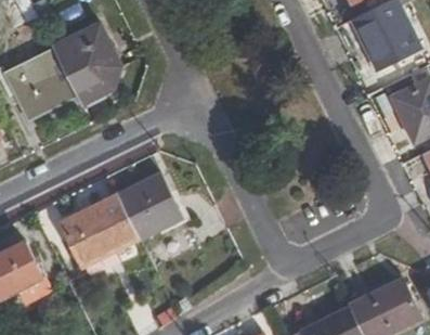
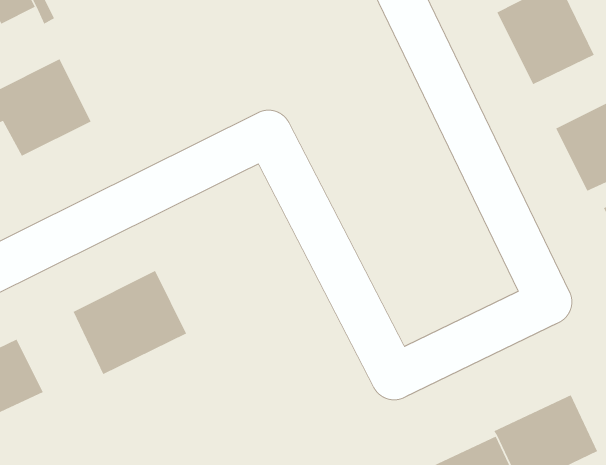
building: [52,24,120,104] -> none
building: [119,175,183,239] -> none

